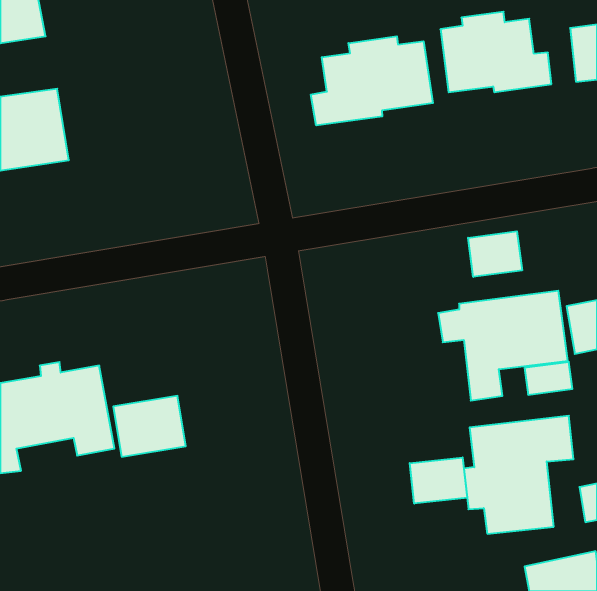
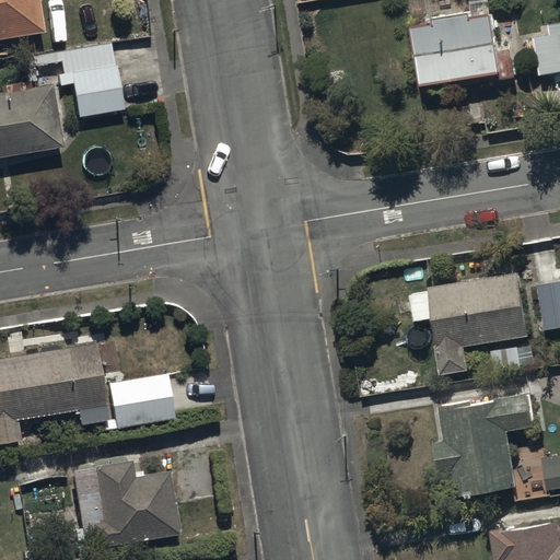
building: [311,36,433,125] -> none
building: none -> [59,42,125,117]
building: [468,231,522,277] -> none
building: [410,457,467,504] -> none
building: none -> [74,460,179,549]

